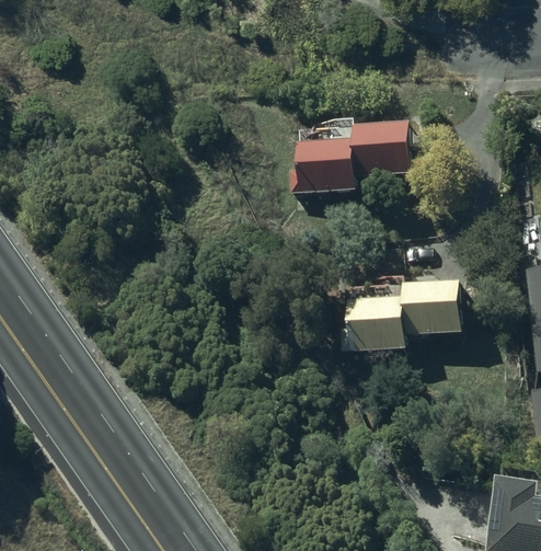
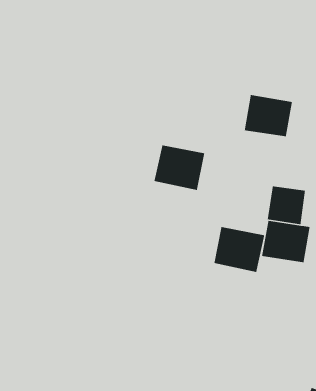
building: [302,147,359,196] -> [153,144,205,191]
building: none -> [267,186,306,225]

